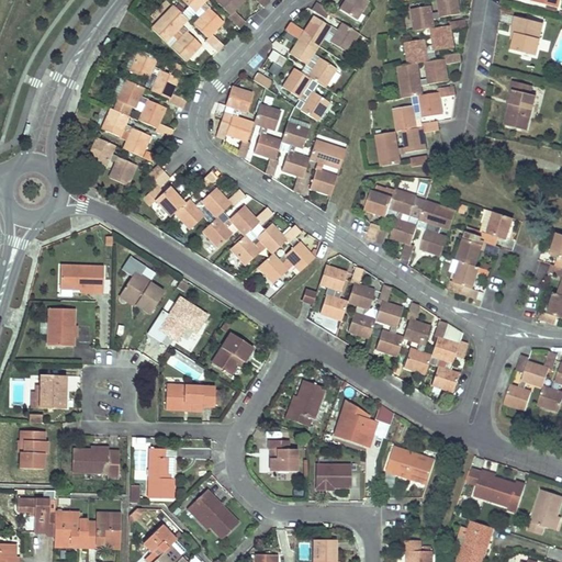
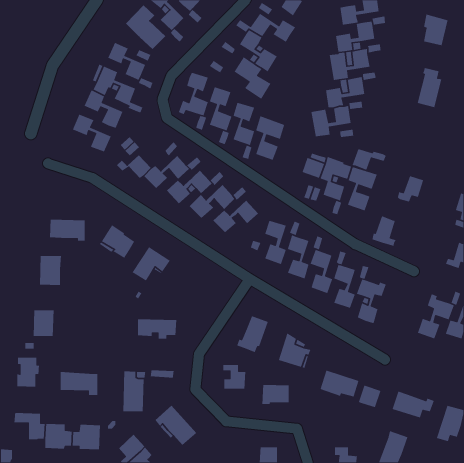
building: [457,238,499,266] -> [351,148,387,171]
building: [212,334,254,374] -> none
building: none -> [358,385,381,408]

